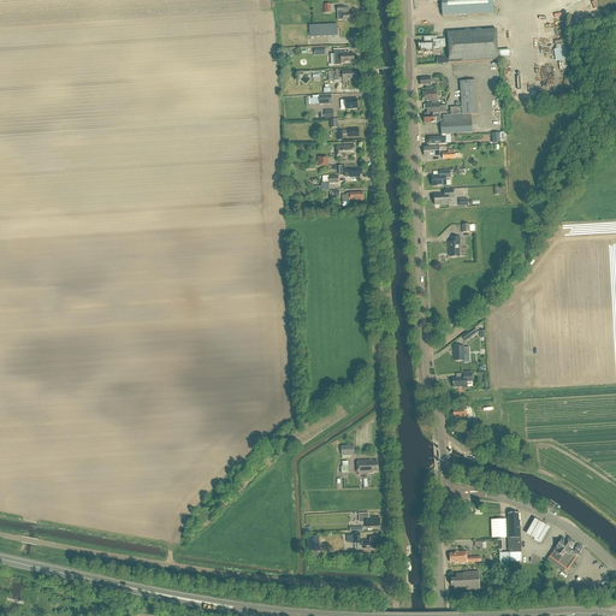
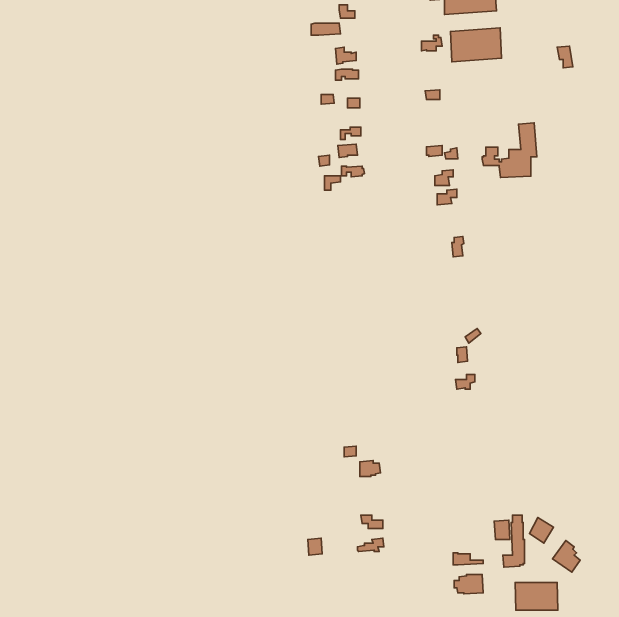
building: [424,78,478,132] -> [482,123,537,178]
building: none -> [515,582,558,610]

